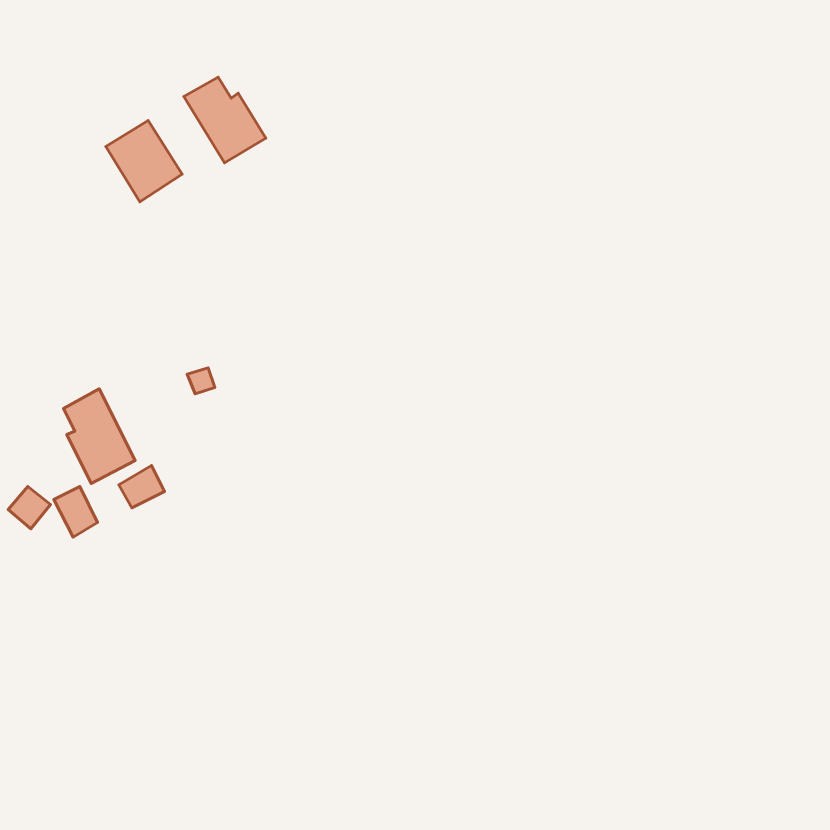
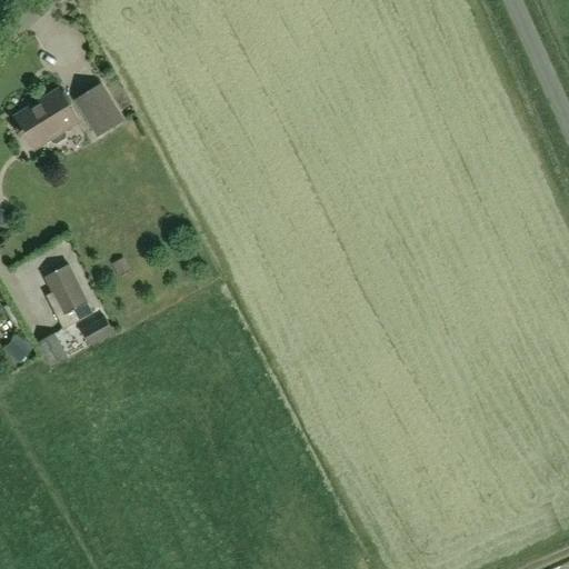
building: [184,77,266,163] -> none
building: none -> [18,92,77,148]

